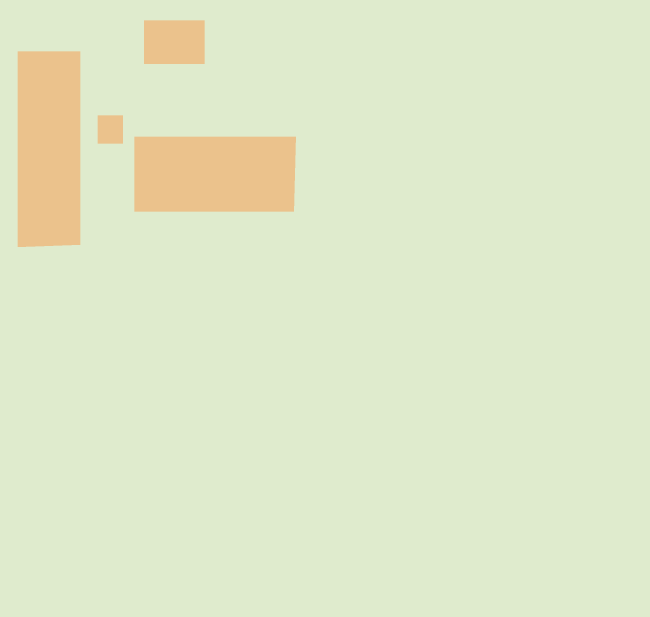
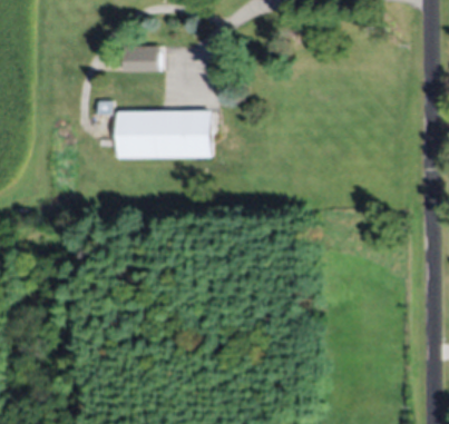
building: [17,51,81,248] -> none

